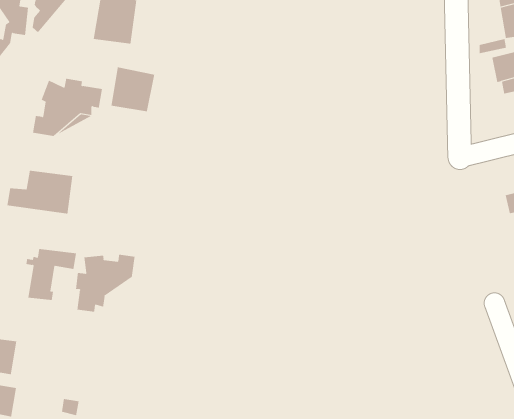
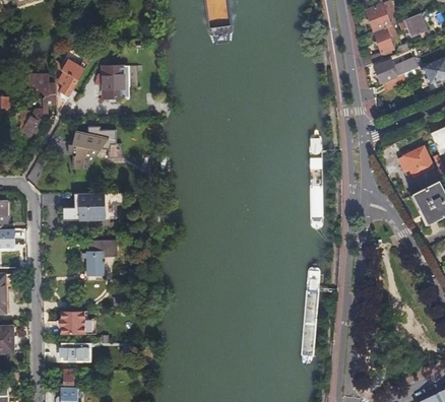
building: [111,67,155,112] -> none
building: [75,254,135,312] -> none

